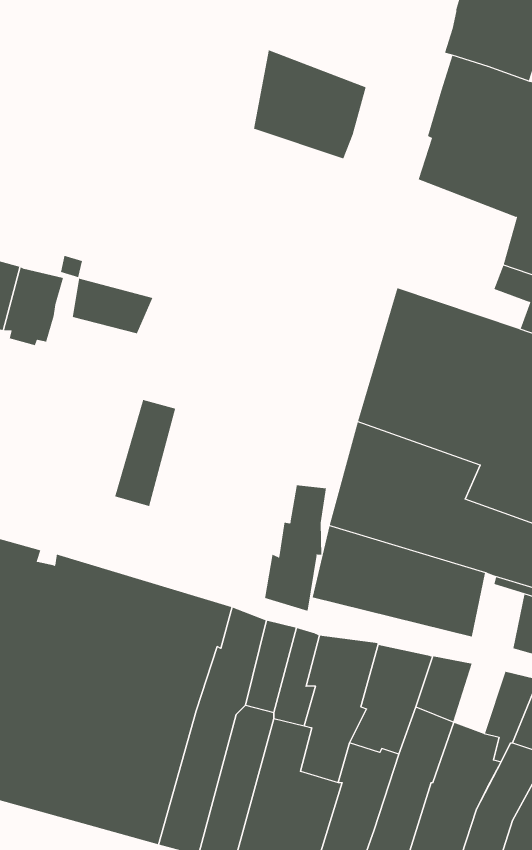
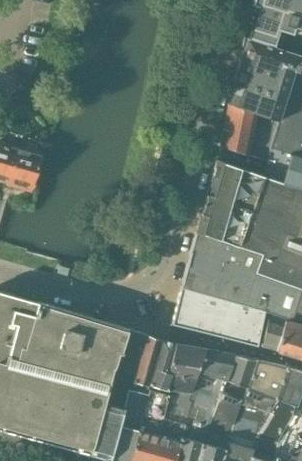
building: [253,50,367,159] -> [222,104,282,162]
building: [72,278,153,334] -> none
building: [115,399,176,507] -> none
building: [264,485,327,612] -> none
building: none -> [264,318,286,352]
building: none -> [249,360,276,397]

